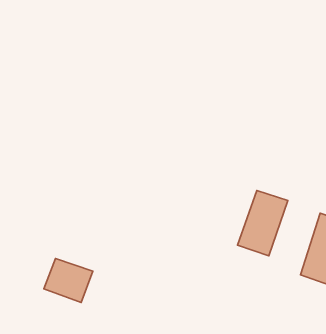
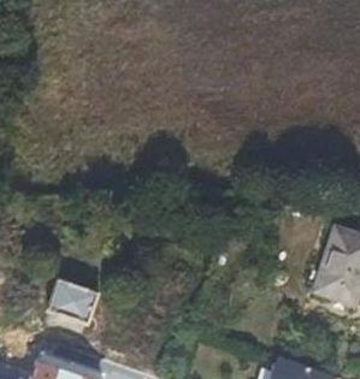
building: [237,190,288,256] -> none

